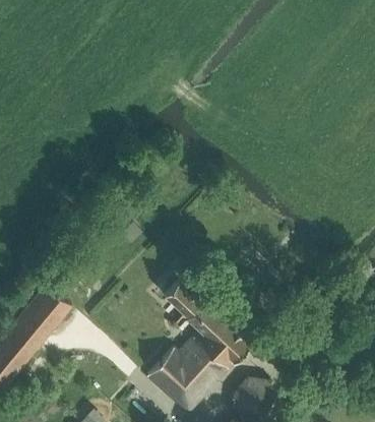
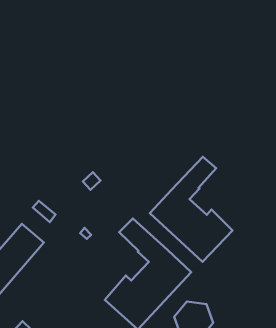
building: none -> [150,157,233,262]

